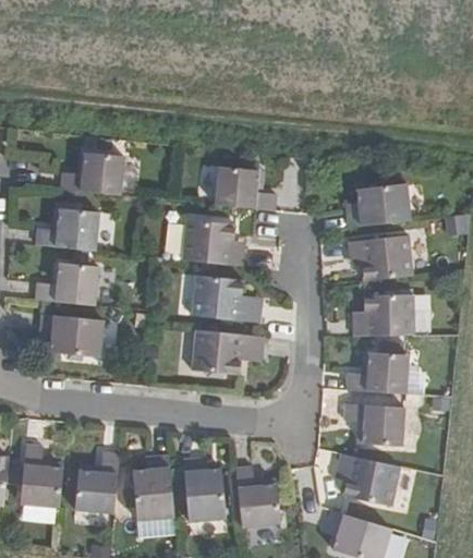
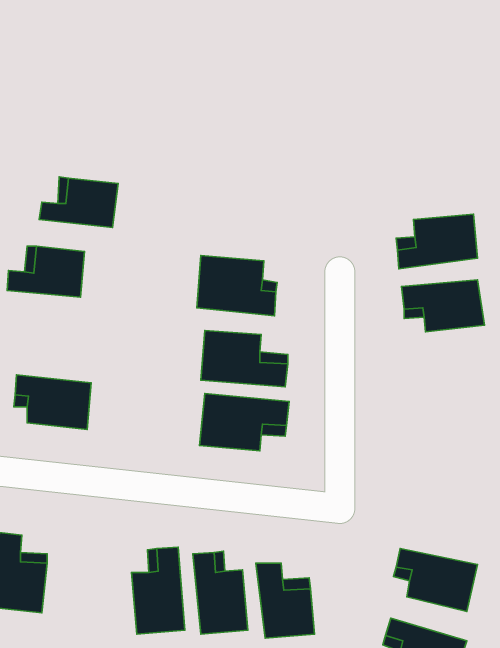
building: [209,168,272,208] -> none
building: [29,263,92,304] -> none
building: [357,299,420,333] -> none
building: [354,353,416,392] -> none
building: [353,402,413,444] -> none
building: [72,450,118,512] -> none

